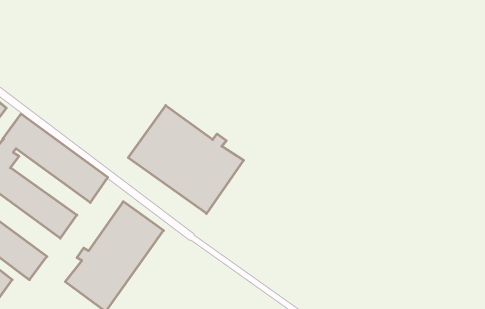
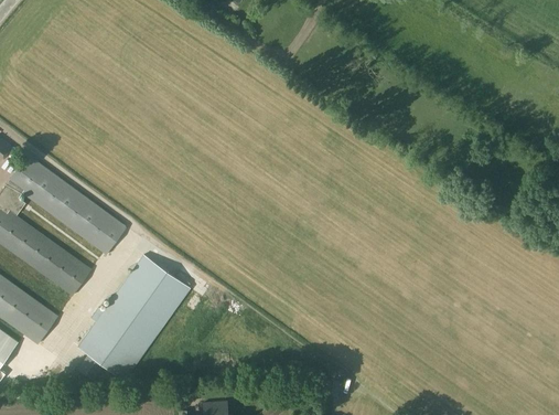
building: [128,105,244,214] -> none

